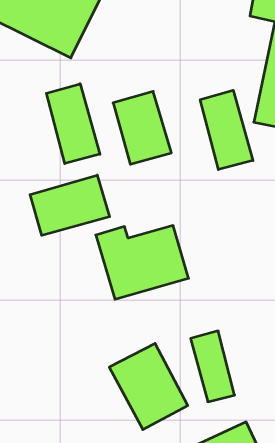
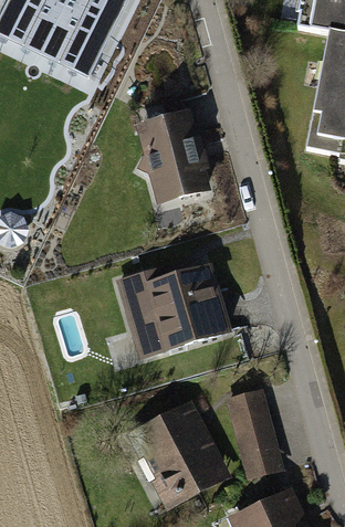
building: [46,84,100,164] -> none
building: [200,90,253,170] -> none
building: [30,175,110,235] -> none

